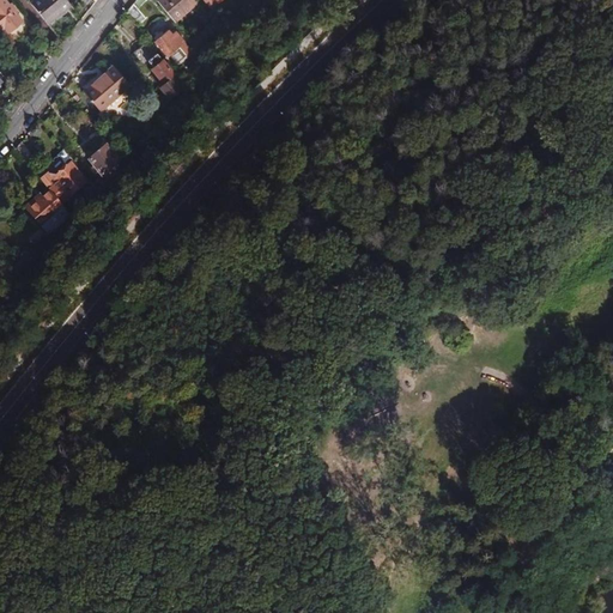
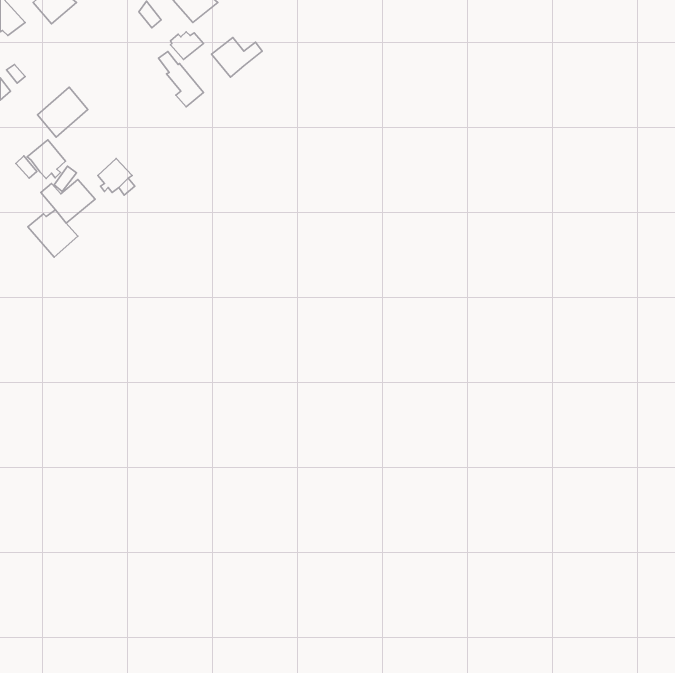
building: none -> [212,37,262,77]
building: [84,65,129,110] -> [38,87,88,137]
building: none -> [27,140,65,178]

